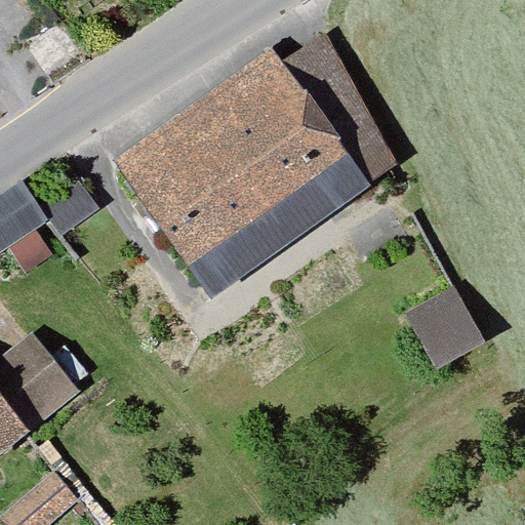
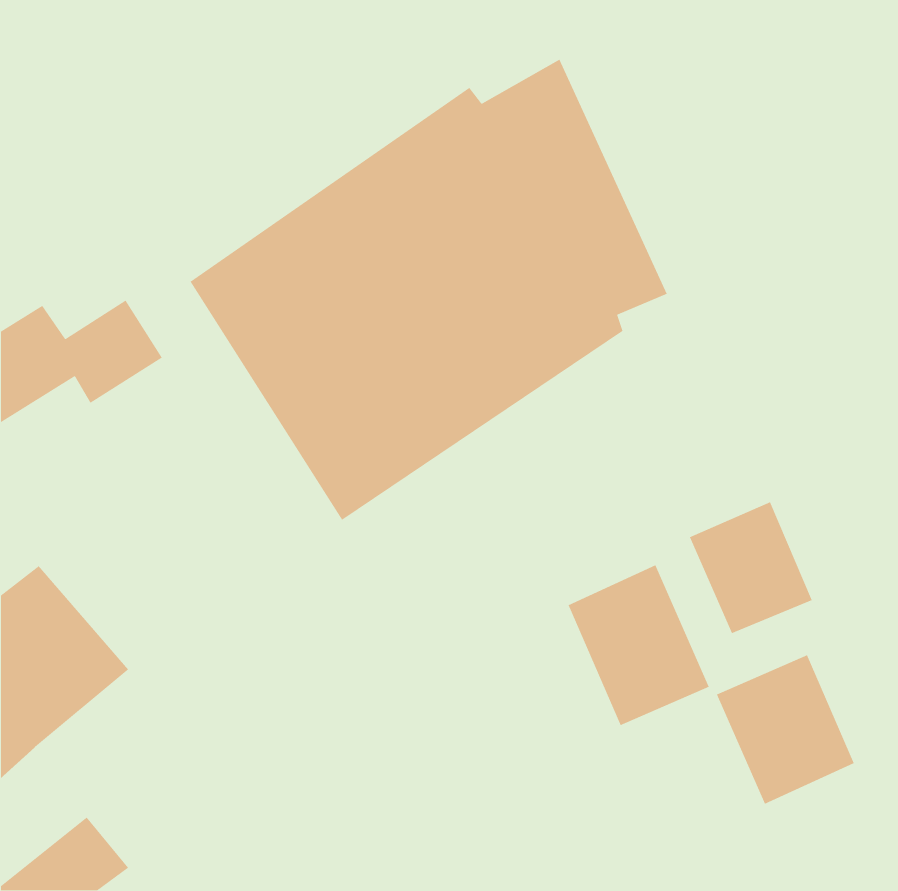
building: none -> [567,564,710,726]
building: none -> [716,654,855,805]

